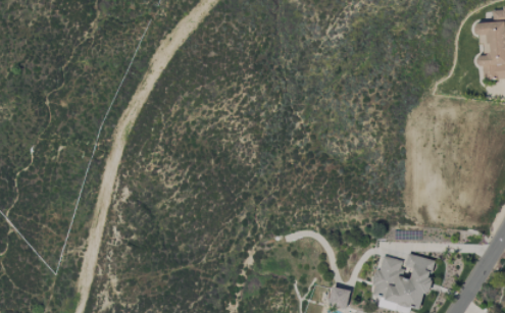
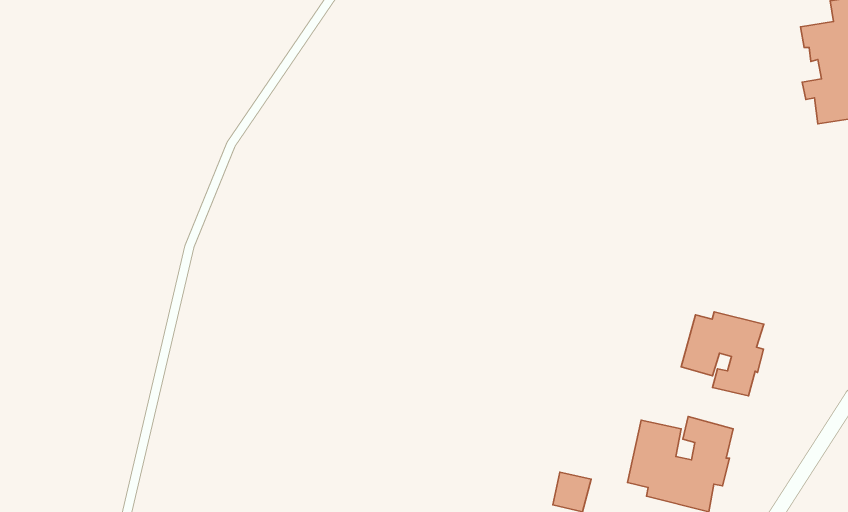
building: none -> [681,312,764,396]

